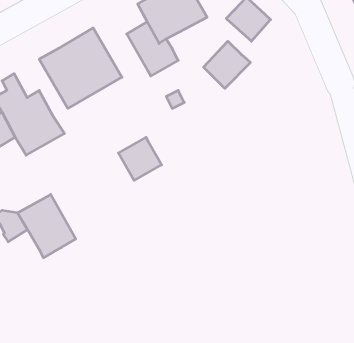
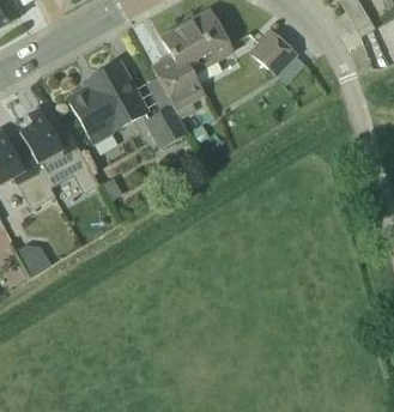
building: [204,41,250,88] -> none
building: [118,137,162,180] -> [146,104,189,147]
building: [18,194,76,258] -> none

